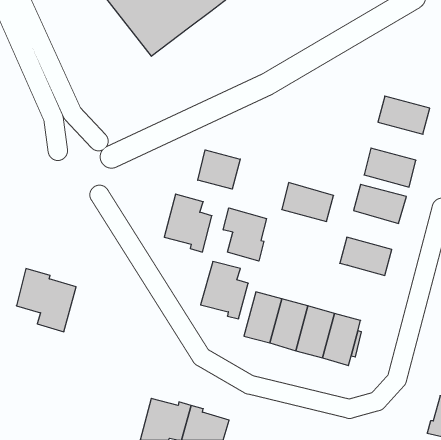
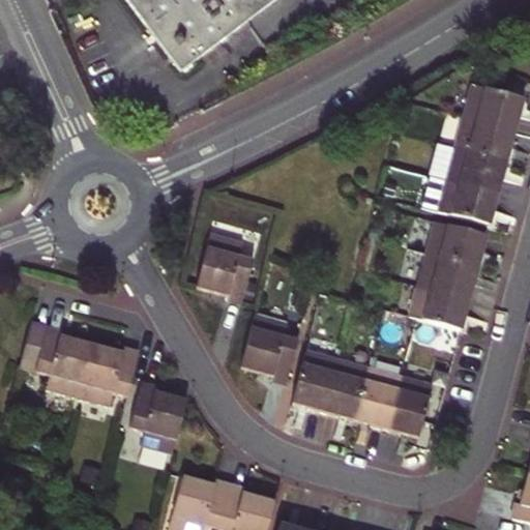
building: none -> [462,84,525,129]
building: none -> [445,146,507,192]
building: [198,150,240,189] -> none
building: [282,183,334,221] -> [416,252,478,298]
building: [223,208,267,261] -> none
building: none -> [78,343,140,405]
building: none -> [129,382,187,452]

